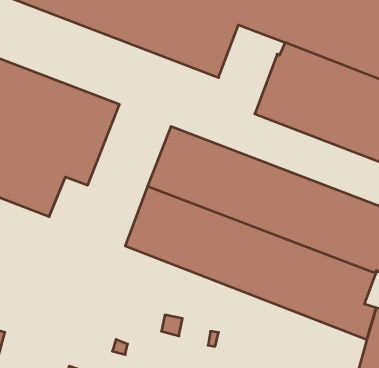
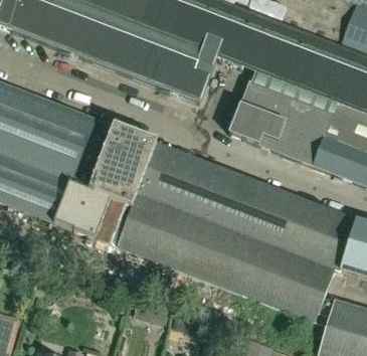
building: none -> [52,123,157,244]

